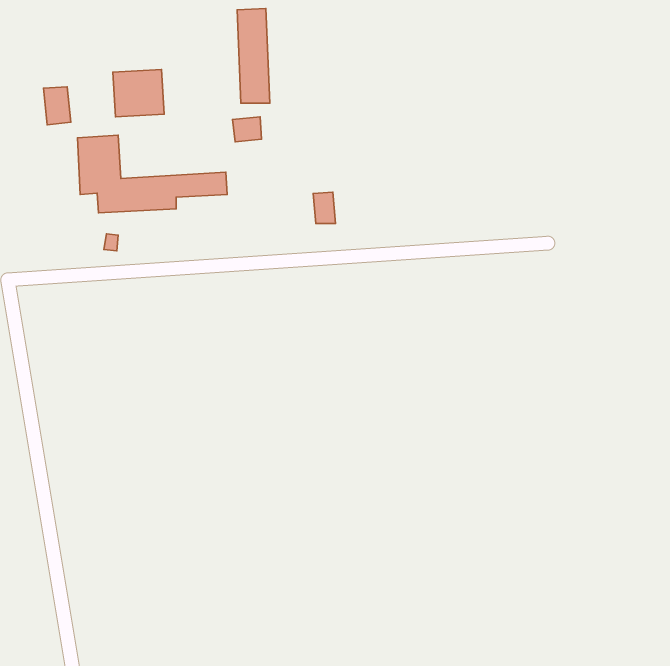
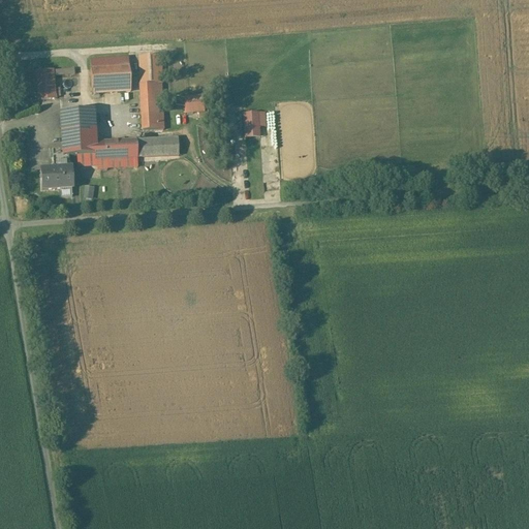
building: [237,8,270,103] -> [139,53,165,127]
building: [313,192,335,224] -> [243,111,260,135]
building: none -> [39,167,72,188]

